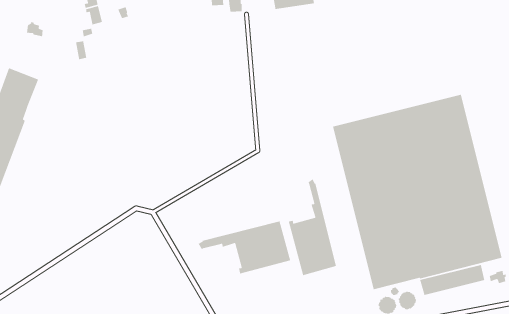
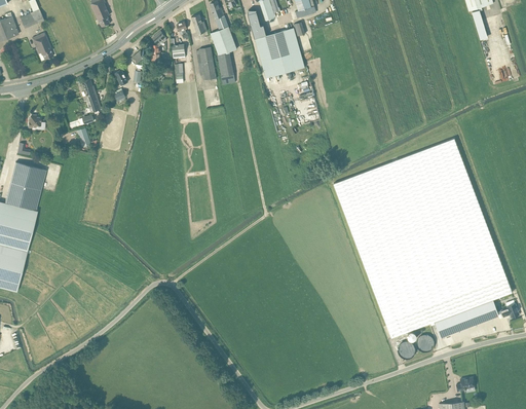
building: [288,178,337,276] -> none
building: [197,221,291,275] -> none

